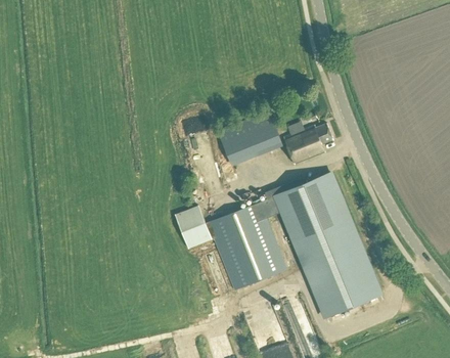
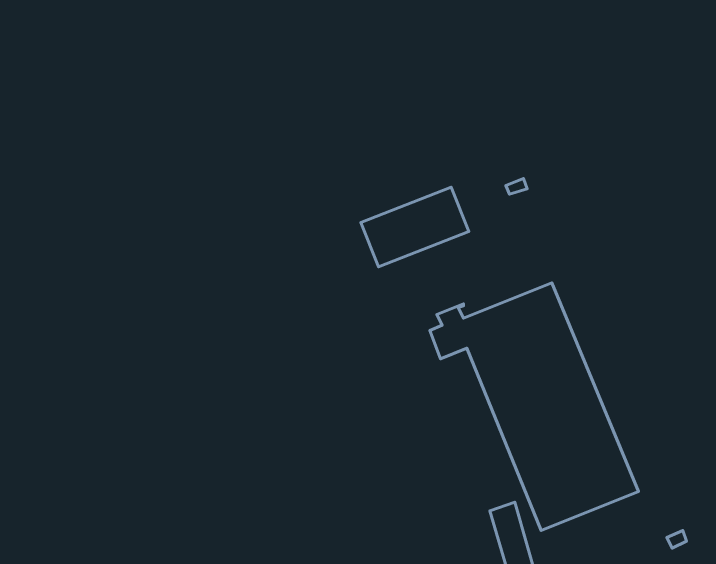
building: [283,124,332,165] -> none
building: [175,199,286,289] -> none

